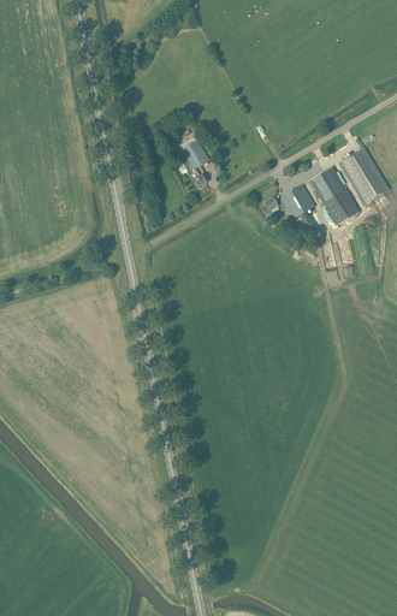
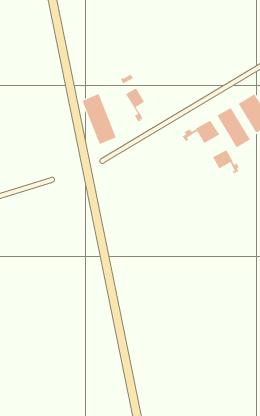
building: none -> [82,93,117,145]
building: none -> [212,150,240,174]

